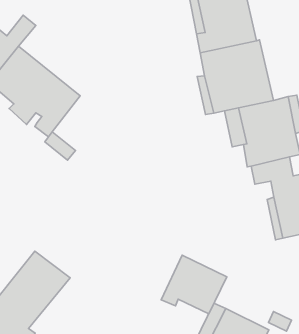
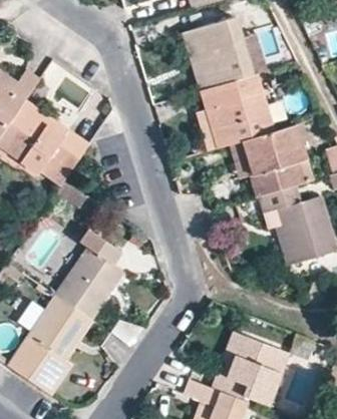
building: none -> [55,235,123,318]
building: [161,255,227,314] -> none

